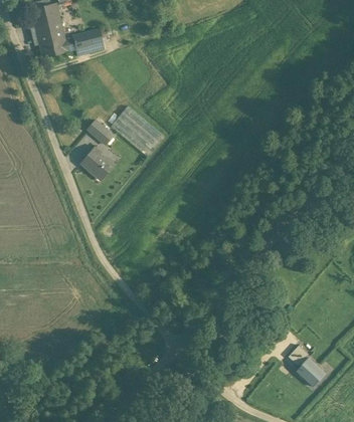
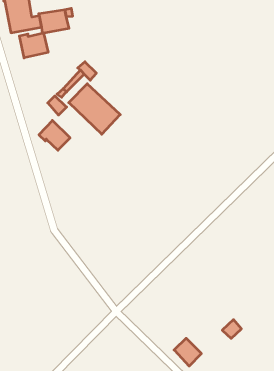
building: none -> [19,33,48,58]
building: [296,358,325,387] -> [174,338,201,366]

